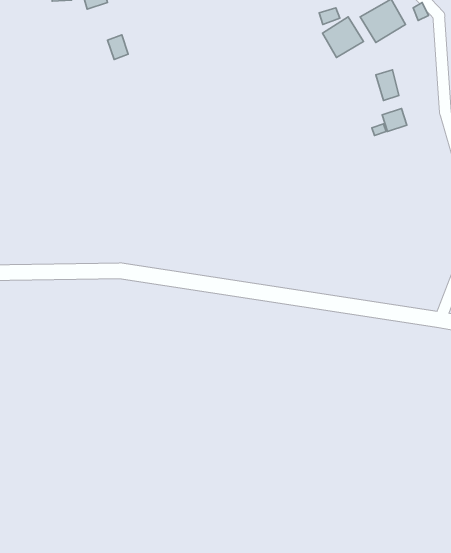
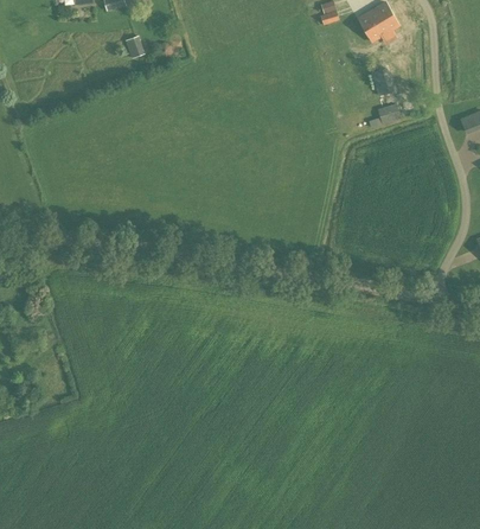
building: [322,17,363,57] -> none

